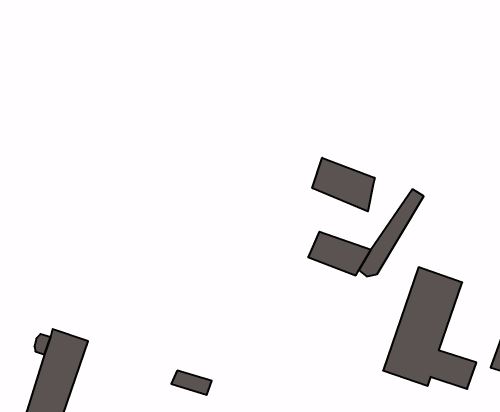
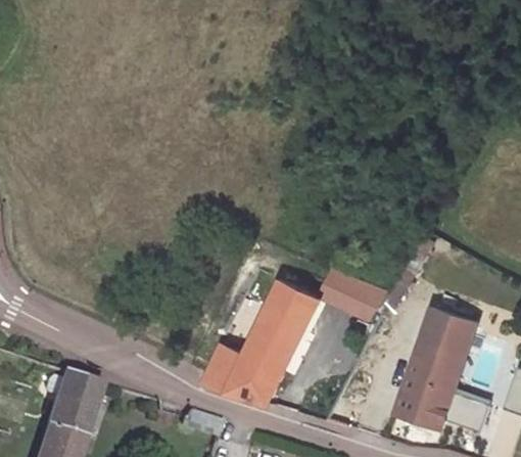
building: [312,158,375,211] -> none
building: none -> [203,282,318,402]

